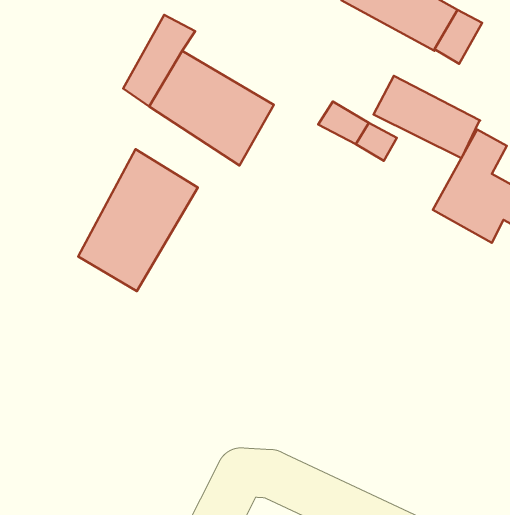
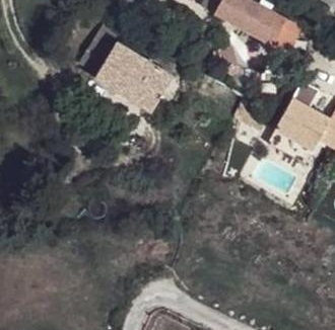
building: [374,76,480,158] -> none
building: [78,149,198,291] -> none

